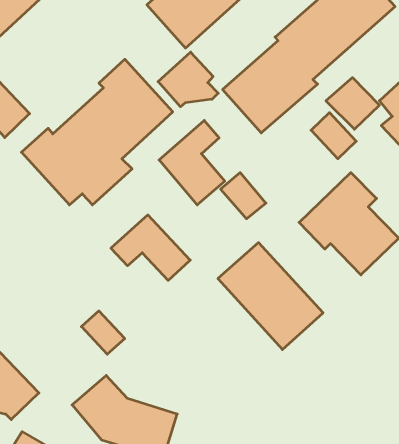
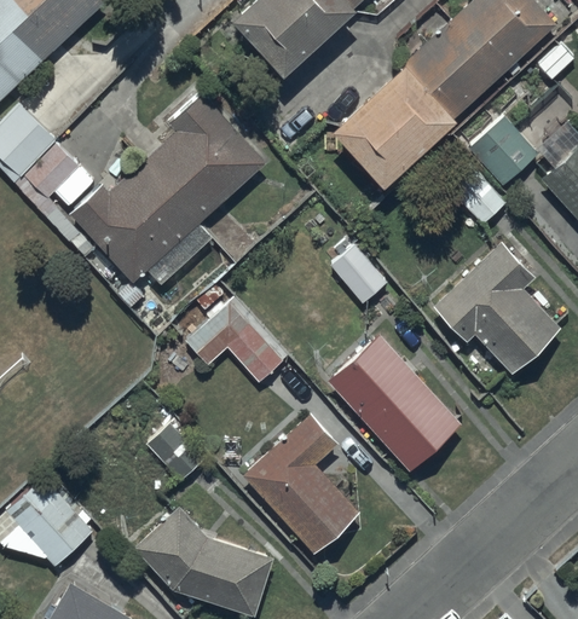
building: [158,52,218,107] -> none
building: [159,120,225,205] -> none
building: none -> [242,415,359,554]

